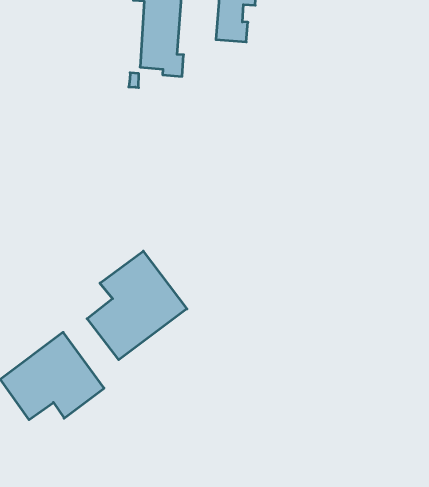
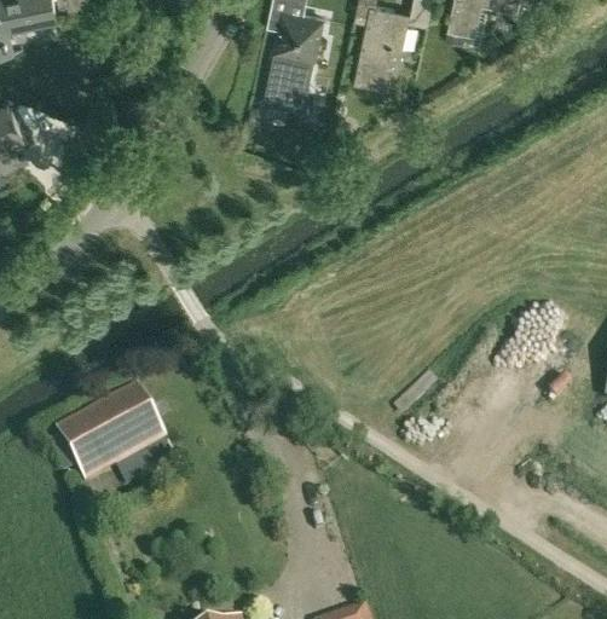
building: [87,251,187,360] -> none

